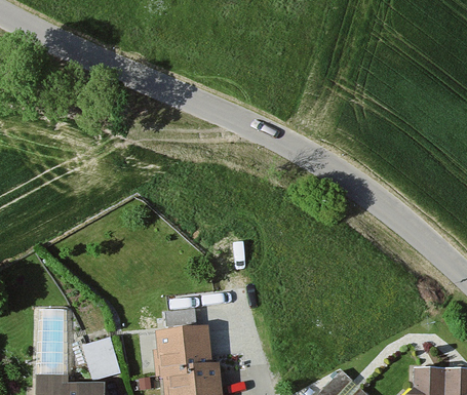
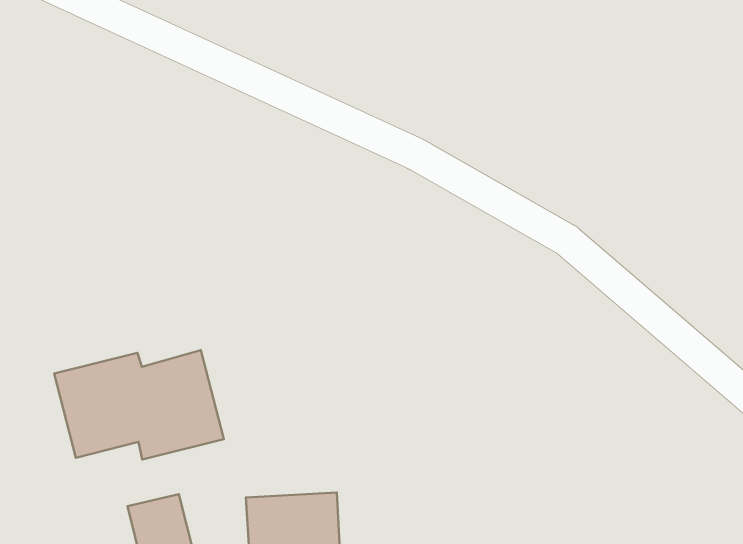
building: none -> [54,350,224,459]

